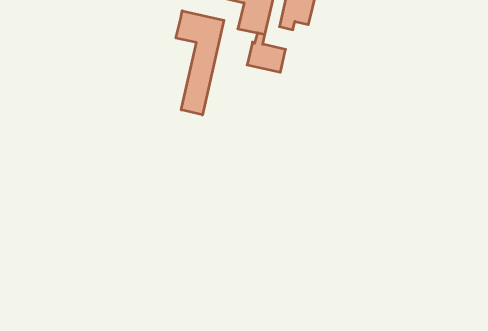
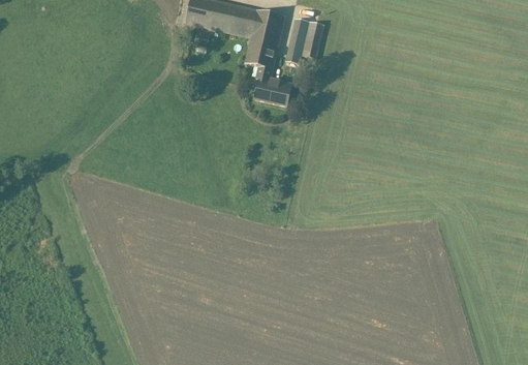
building: [176,11,224,115] -> none

